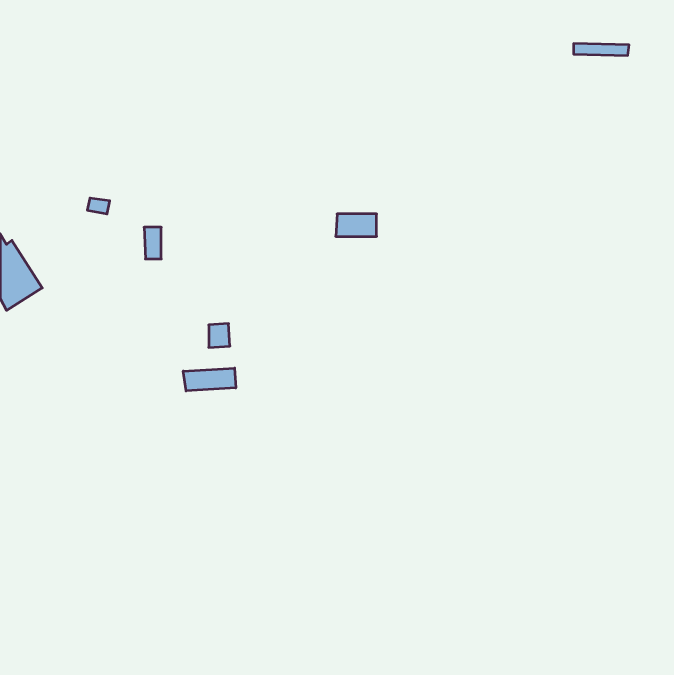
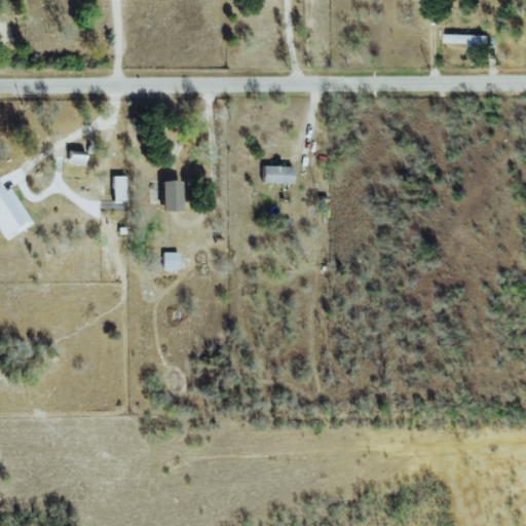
building: none -> [163,181,183,212]
building: [183,368,236,391] -> none

